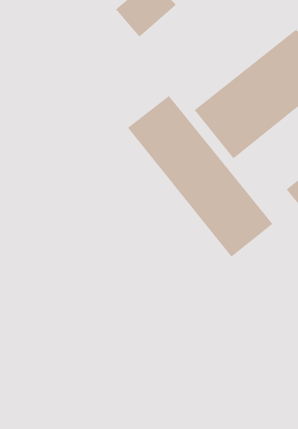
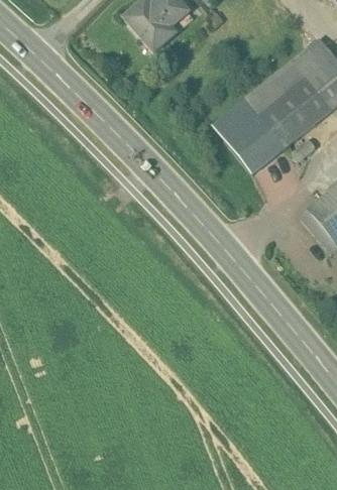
building: [127,95,273,258] -> none

